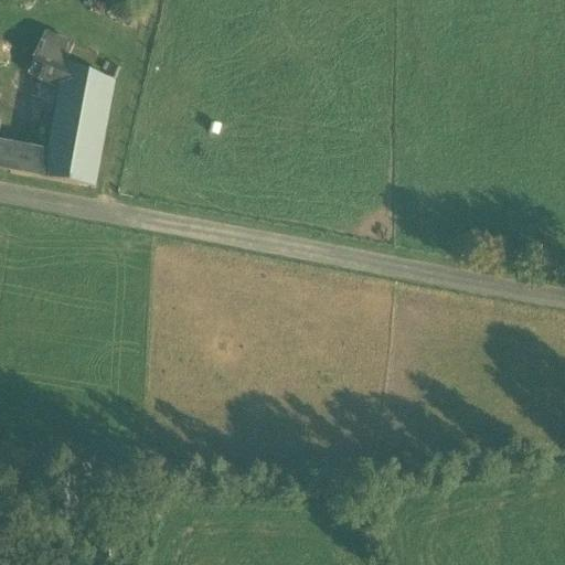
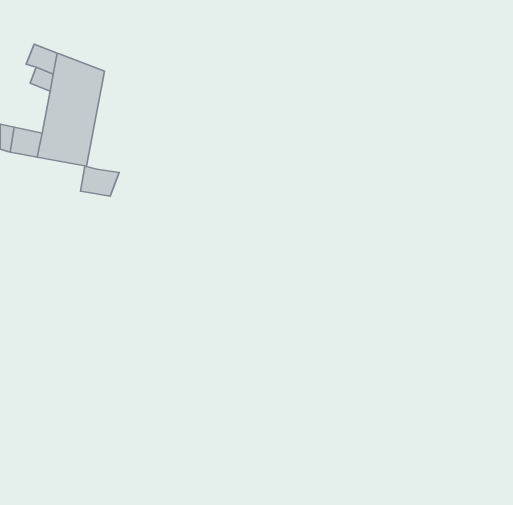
building: [35,28,74,60] -> none
building: none -> [81,166,119,196]

